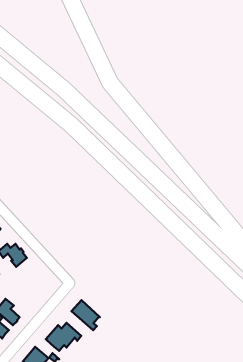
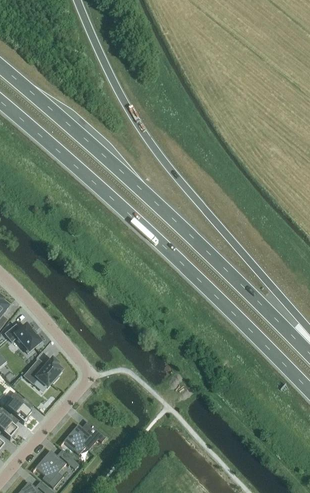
building: none -> [24,358,62,386]
building: [72,300,100,330] -> none

